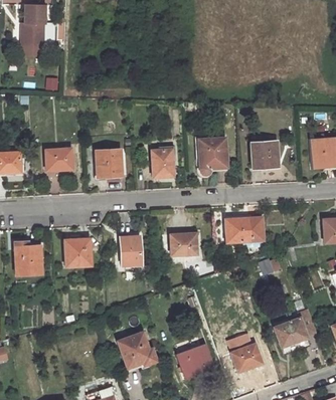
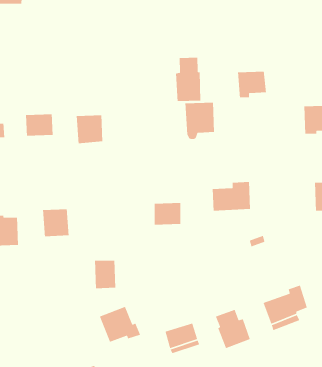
building: none -> [175,57,201,102]
building: [253,142,281,168] -> [237,71,267,98]
building: [154,149,175,177] -> none
building: [120,236,141,264] -> [94,260,116,289]

